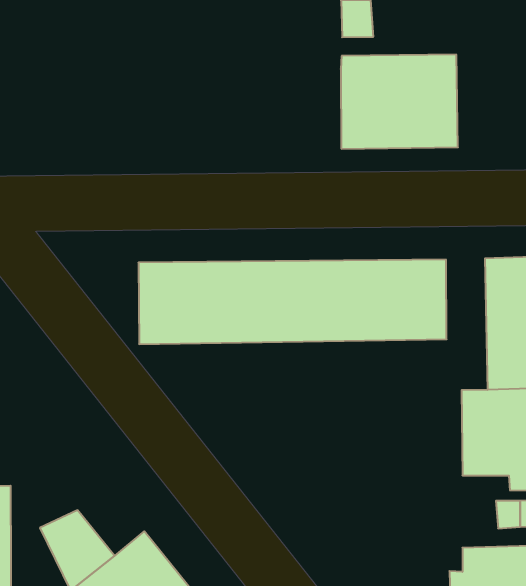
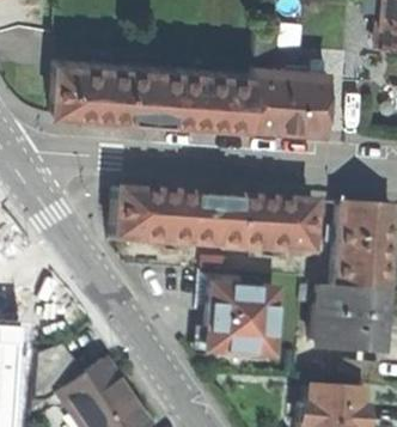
building: none -> [55,62,255,127]
building: none -> [206,287,276,358]

